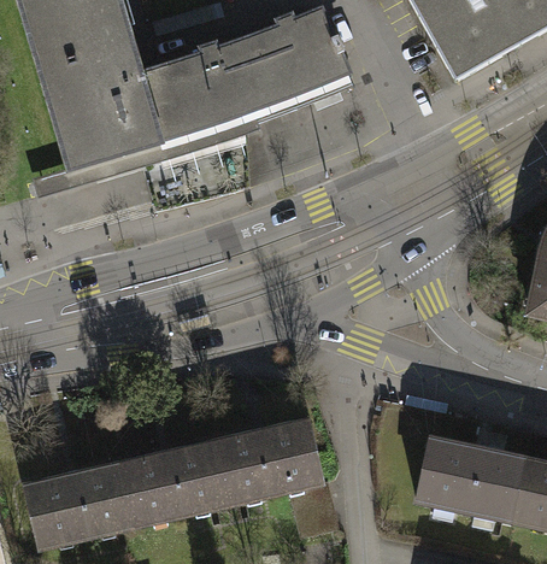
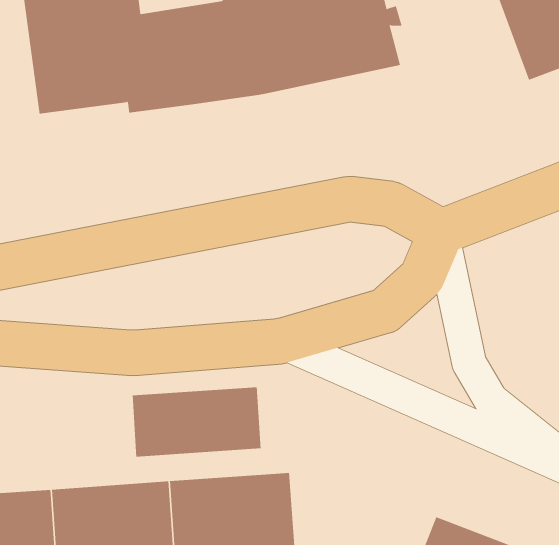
building: none -> [132,386,261,457]

